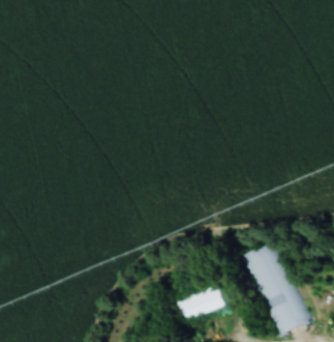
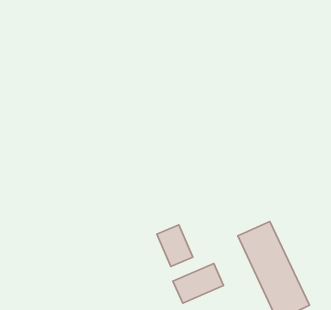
building: none -> [157,225,193,266]

